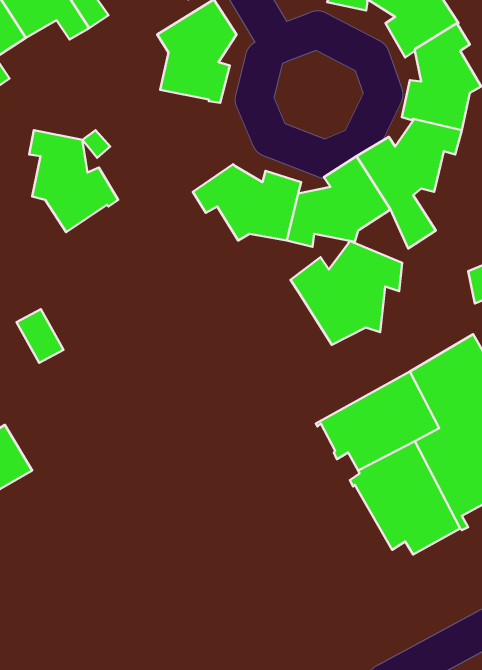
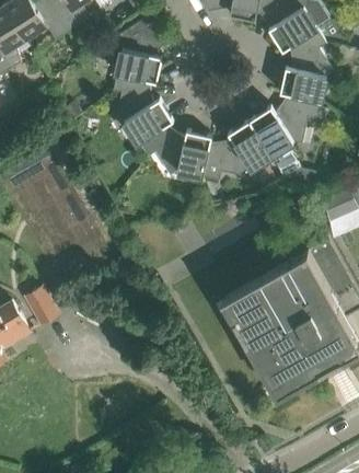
building: [29,130,118,232] -> [113,74,173,143]
building: [290,241,402,345] -> none
building: [17,309,64,363] -> [25,288,57,324]

